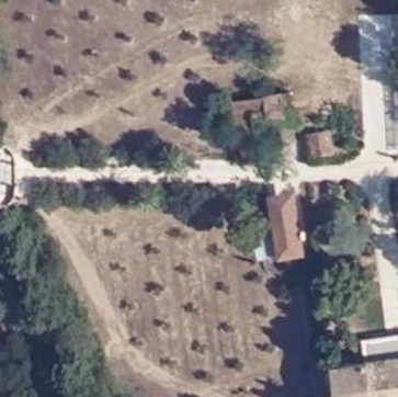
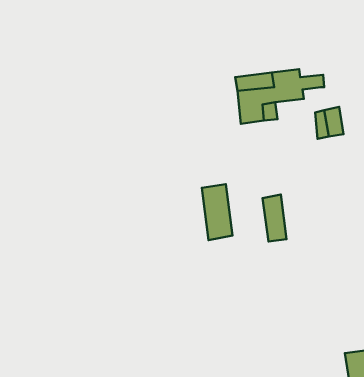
building: [275,202,305,256] -> [202,184,233,240]

